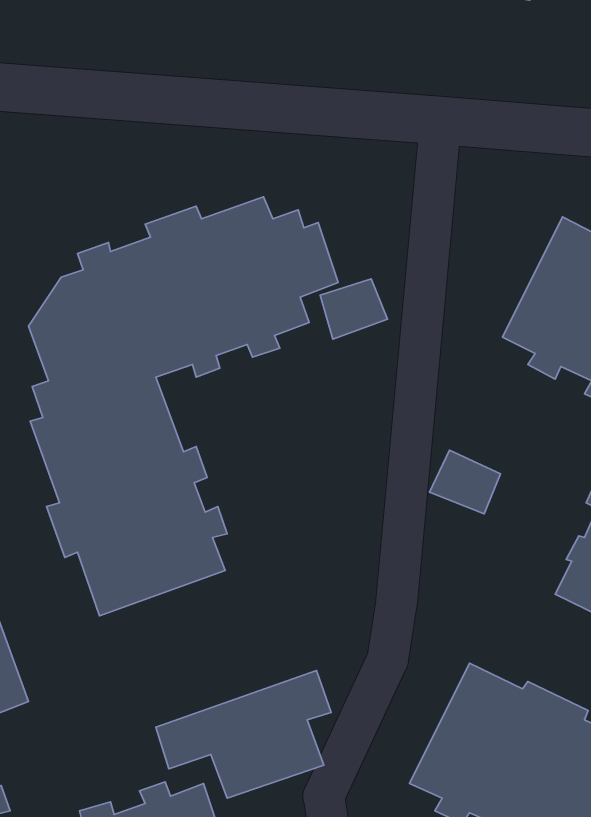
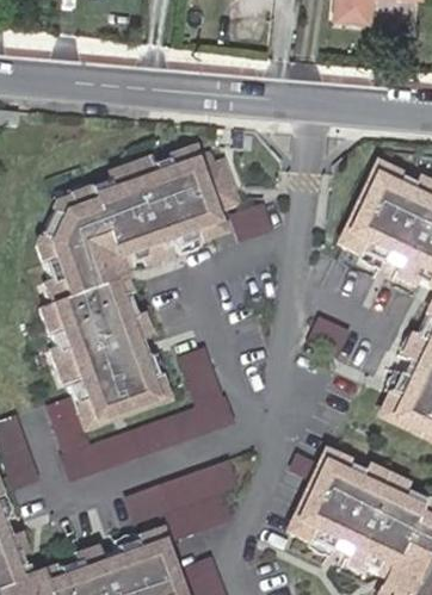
building: none -> [43,346,234,482]

